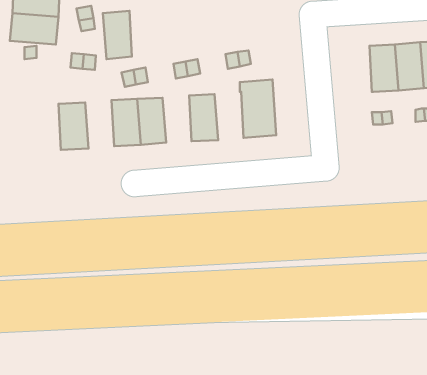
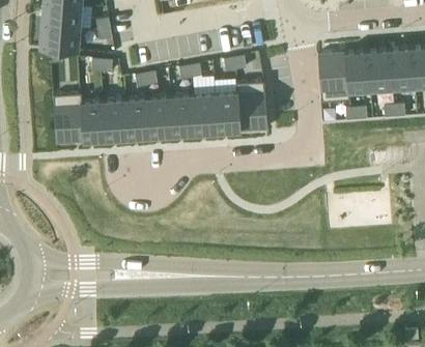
building: [103,11,132,59] -> [104,100,129,142]
building: none -> [318,54,349,105]
building: none -> [215,93,239,135]
building: none -> [53,95,83,145]
building: none -> [170,96,195,137]

